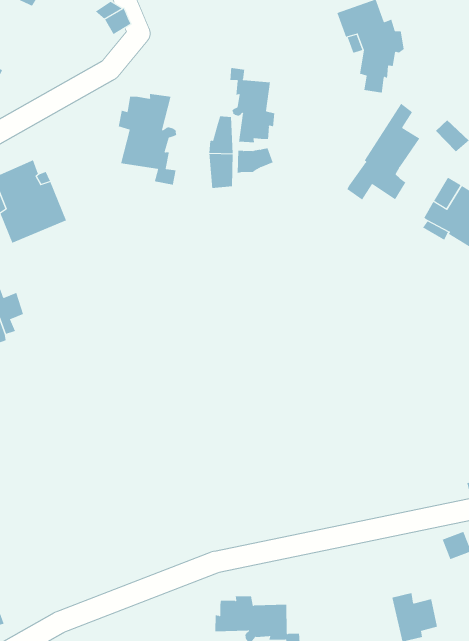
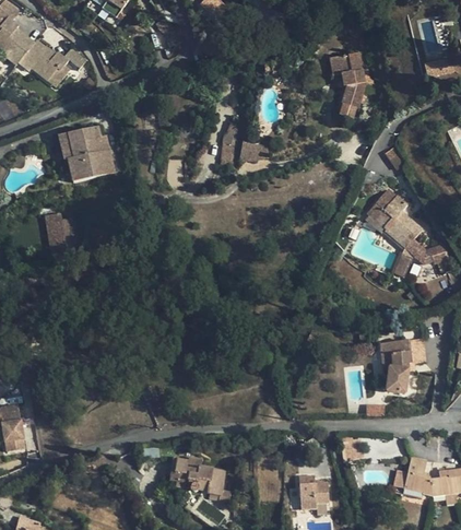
building: [230,67,275,143] -> none
building: [118,93,177,185] -> none
building: [347,103,420,201] -> none

